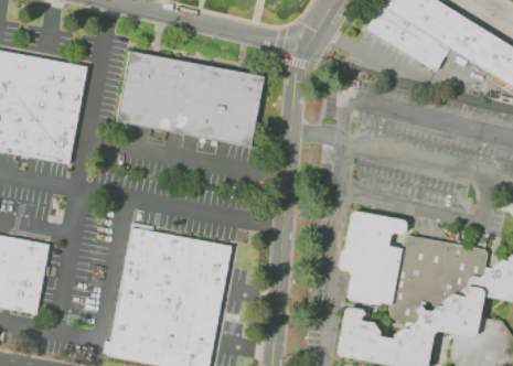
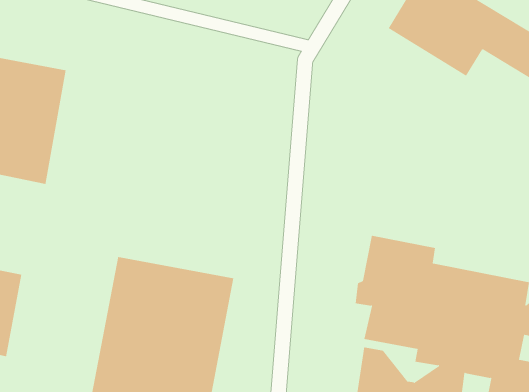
building: [113,49,261,144] -> none

